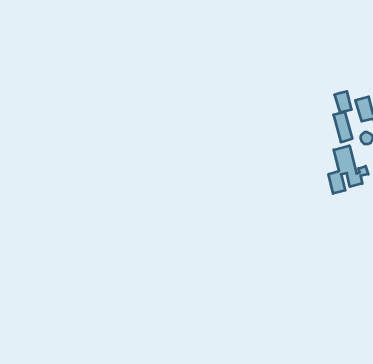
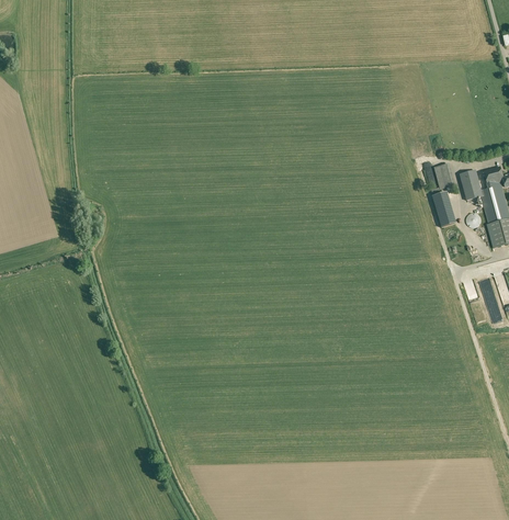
building: [329,146,368,194] -> none

